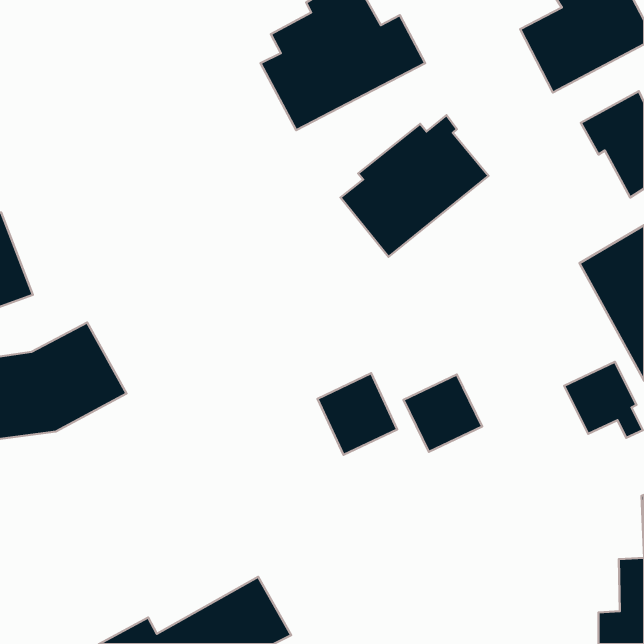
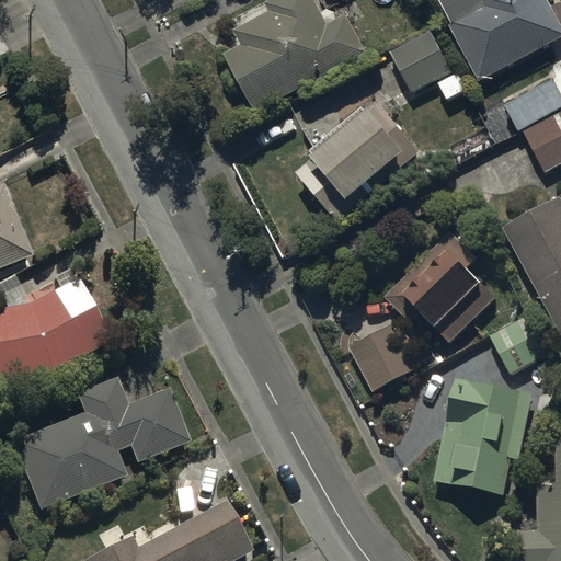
building: none -> [390,30,453,91]
building: none -> [381,230,497,344]
building: [317,373,397,455] -> none
building: none -> [11,376,190,512]
building: none -> [435,376,534,493]

